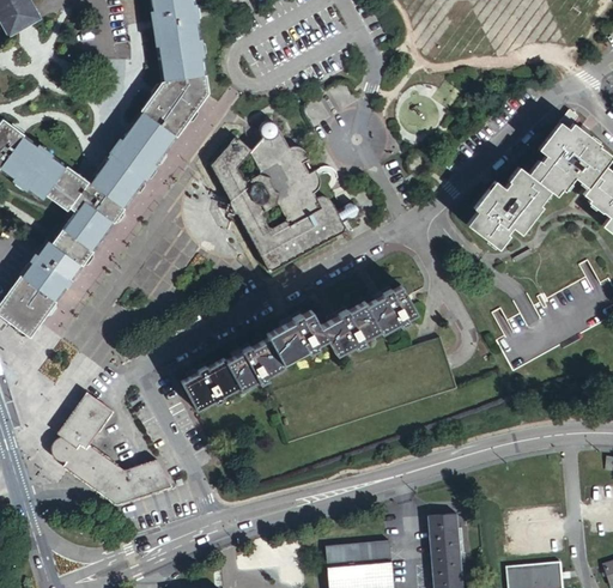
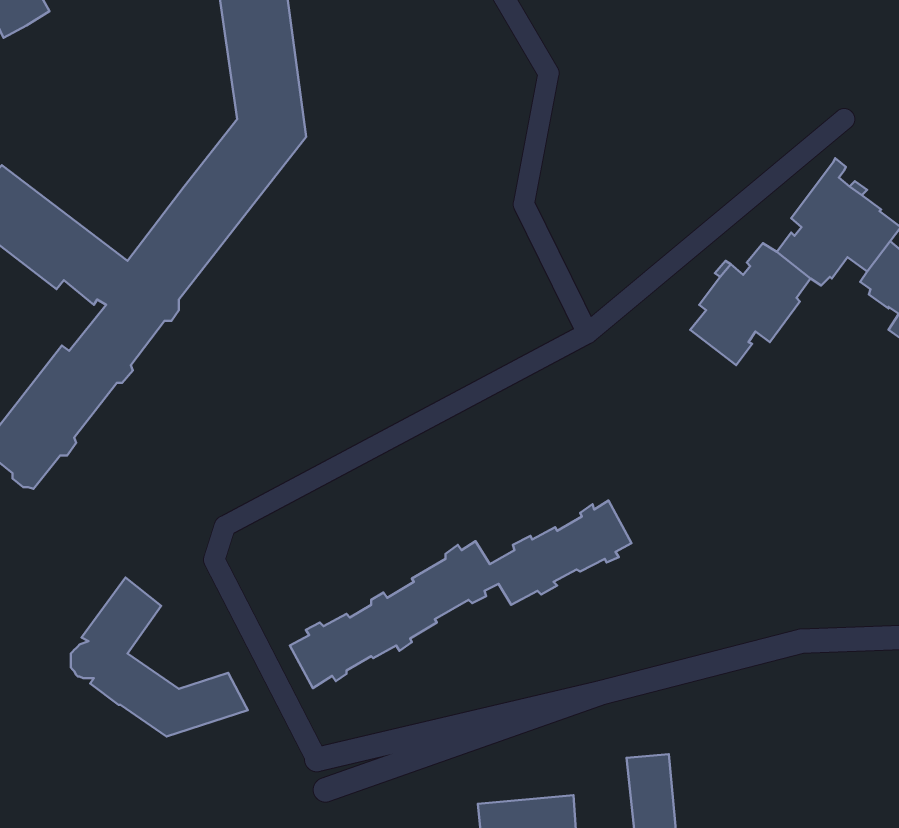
building: [211,133,359,284] -> none
building: [183,281,414,408] -> [290,501,631,688]

